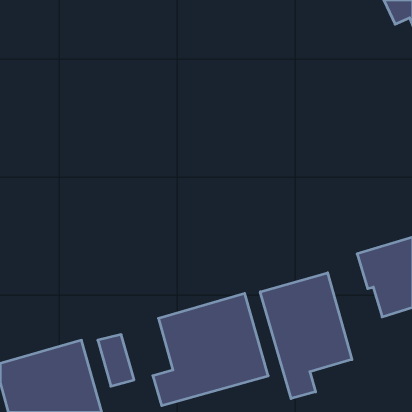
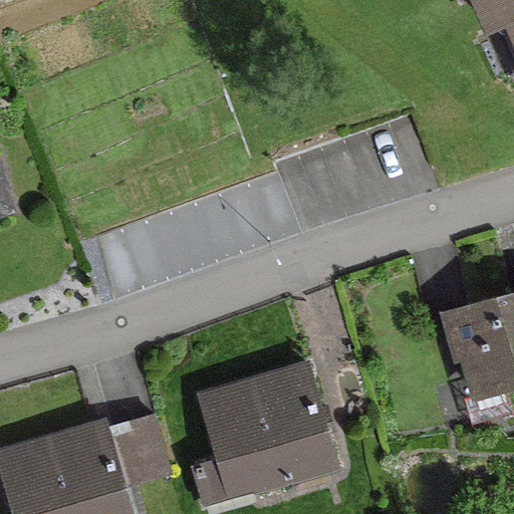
building: [260,273,352,399] -> none

